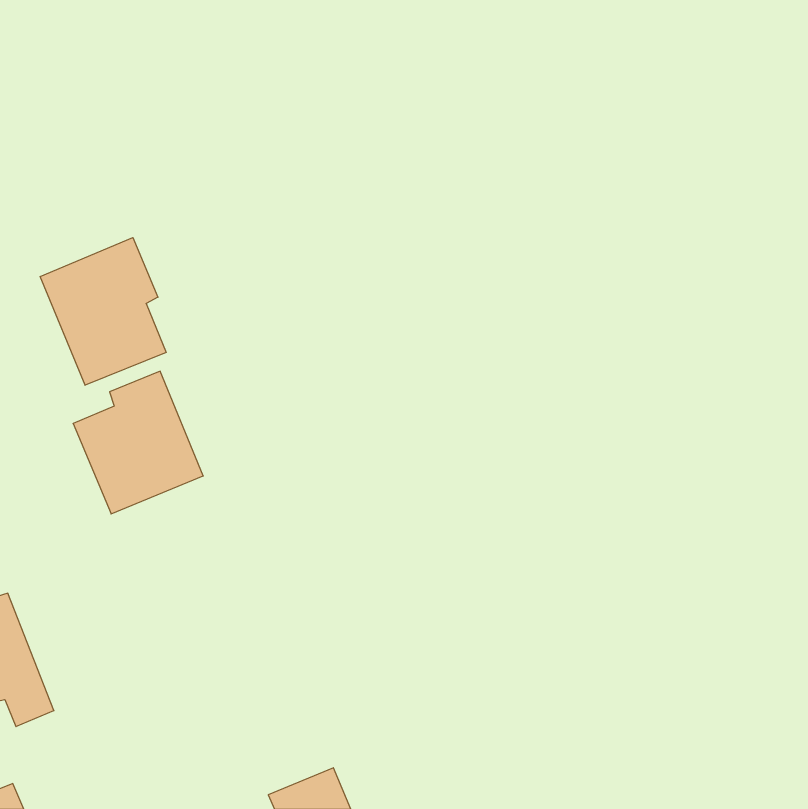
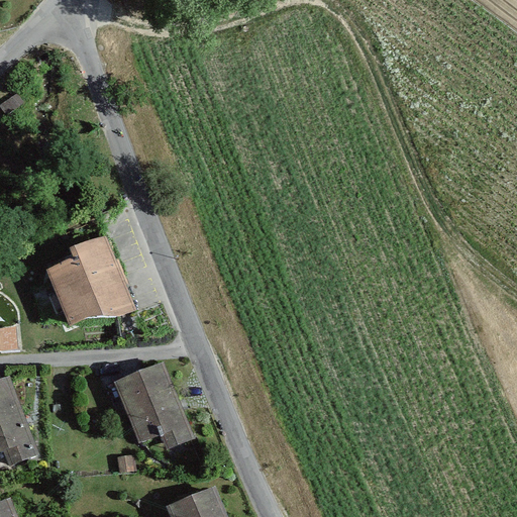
building: [40,238,166,385] -> none
building: none -> [116,365,189,445]

